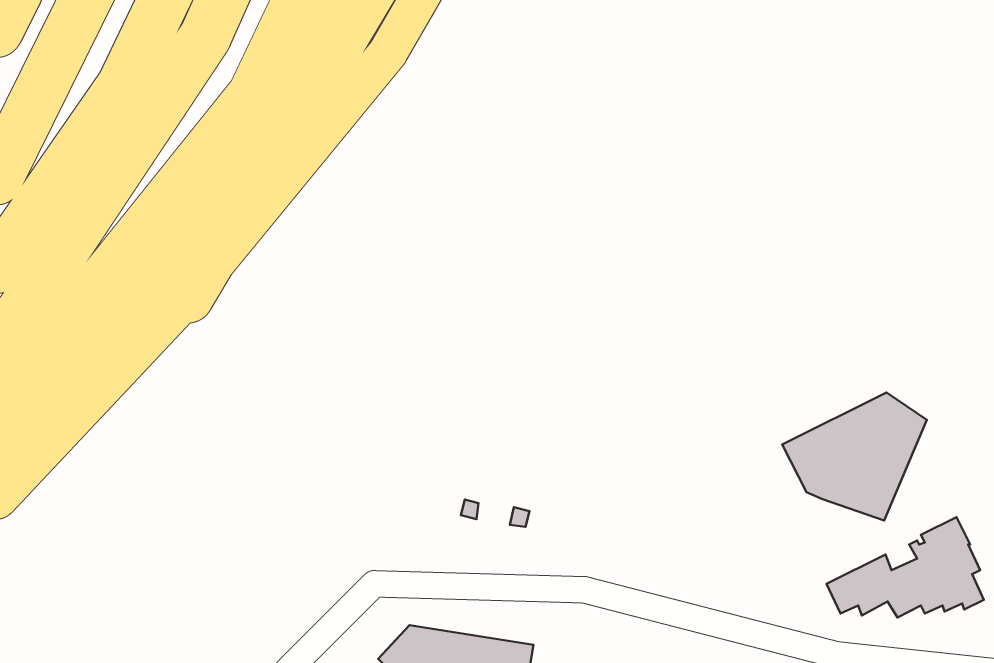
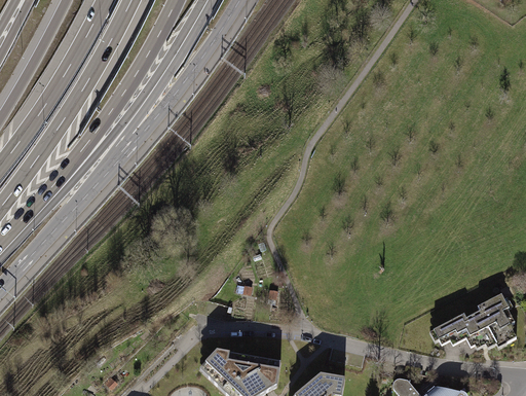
building: [782,392,927,520] -> none

